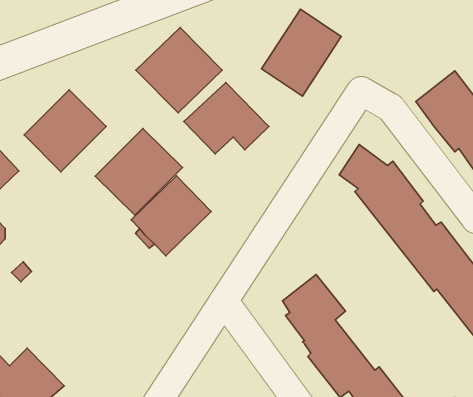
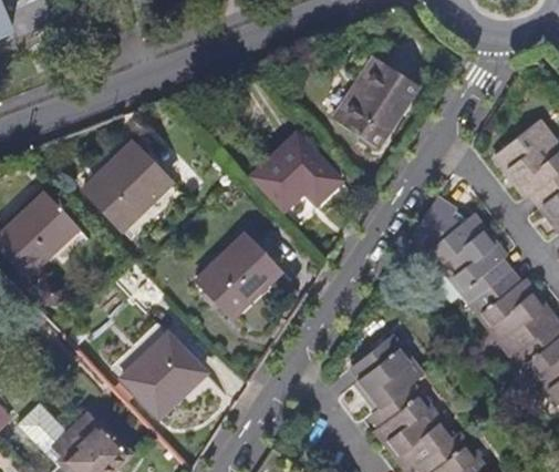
building: [136,28,222,113] -> none
building: [95,129,183,215] -> none
building: none -> [123,332,206,415]

